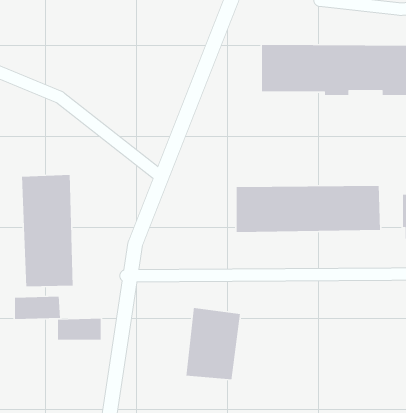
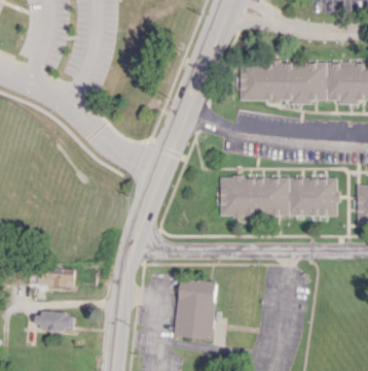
building: [21,174,73,287] -> none
building: [57,318,101,341] -> [37,312,73,331]

